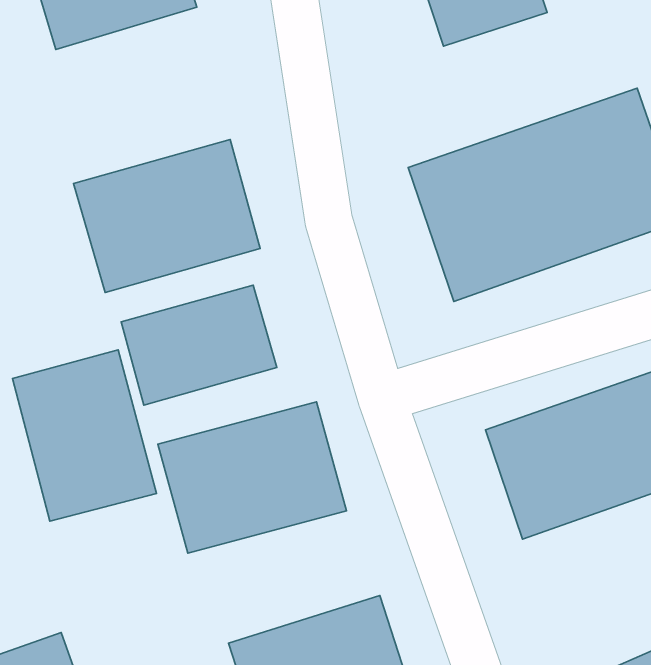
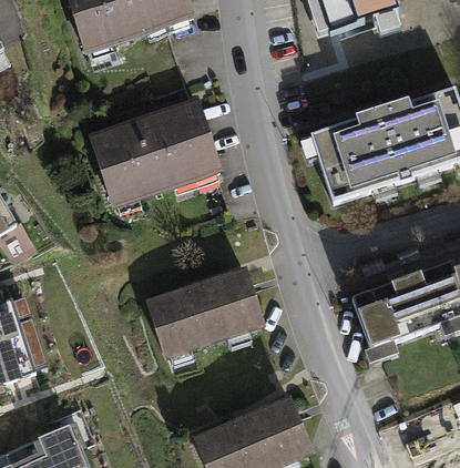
building: [121,285,277,405] -> none
building: [12,350,157,521] -> none

